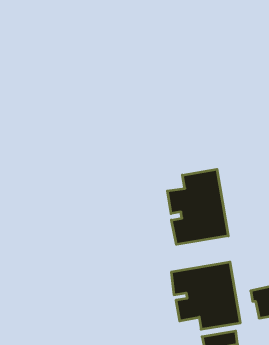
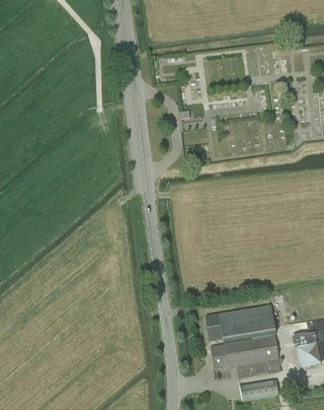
building: [167,169,228,244] -> none

